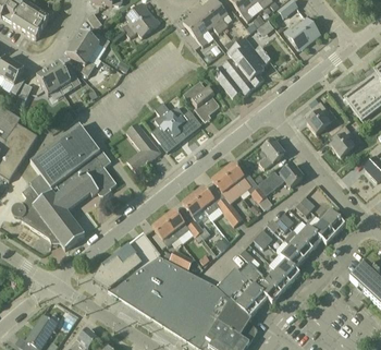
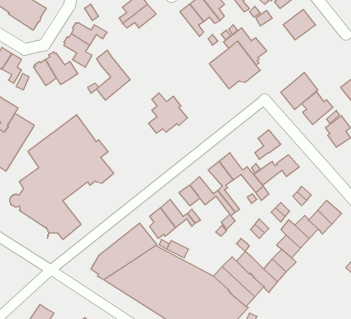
building: [183,82,219,119] -> none
building: none -> [281,73,318,110]
building: [126,122,160,172] -> [97,50,130,100]

